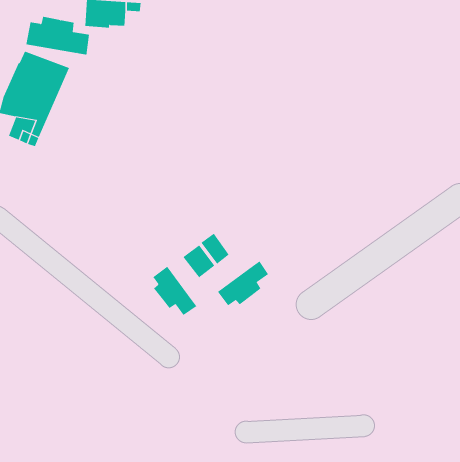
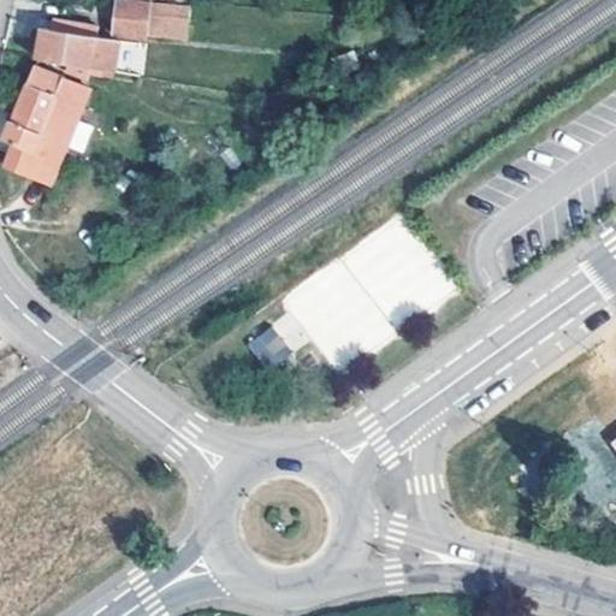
building: [217,260,269,306] -> none
building: [153,266,197,316] -> none

